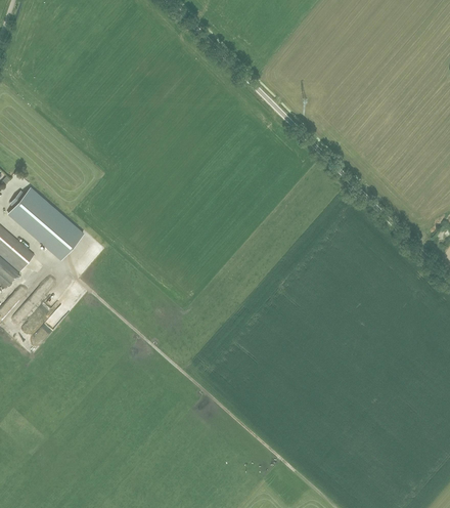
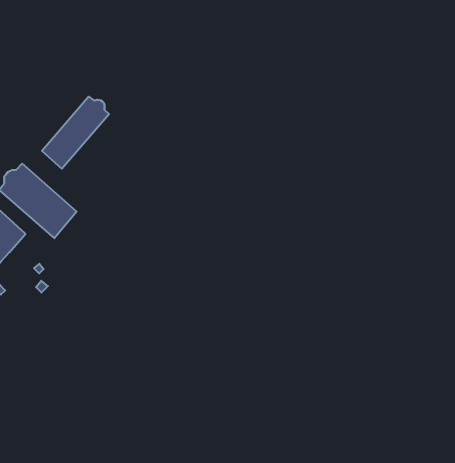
building: none -> [42,97,109,169]

